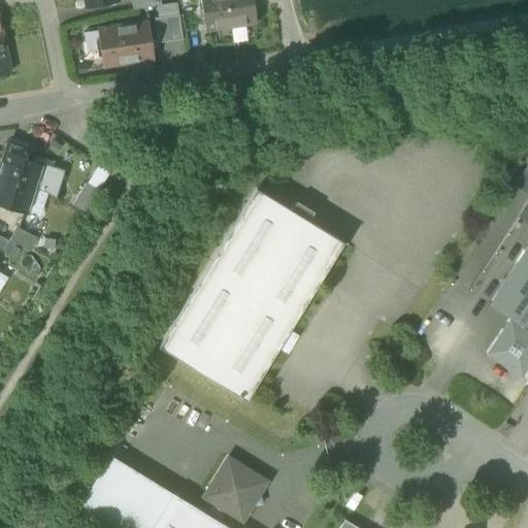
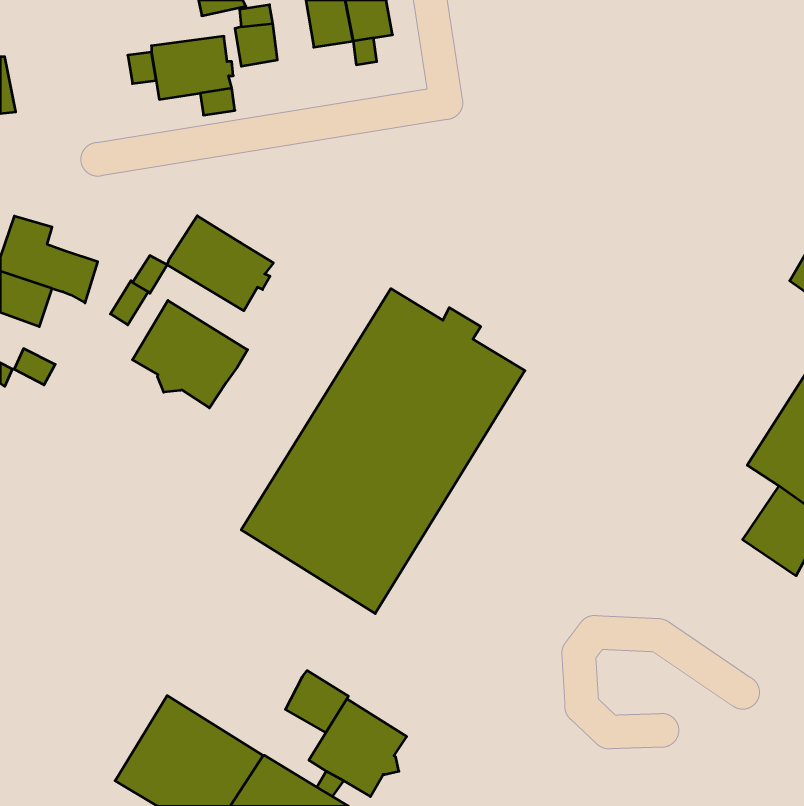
building: none -> [167,216,273,311]
building: none -> [132,300,248,408]
building: none -> [285,671,348,732]

